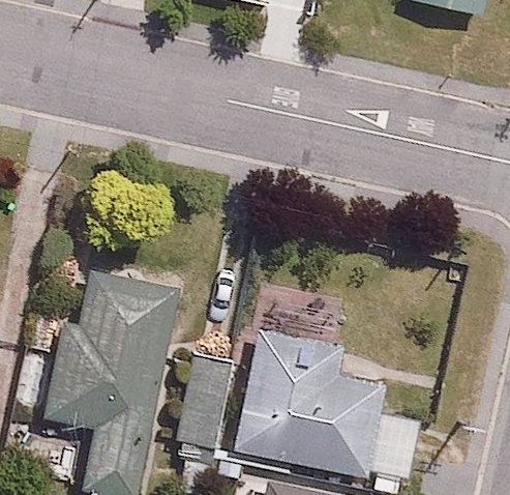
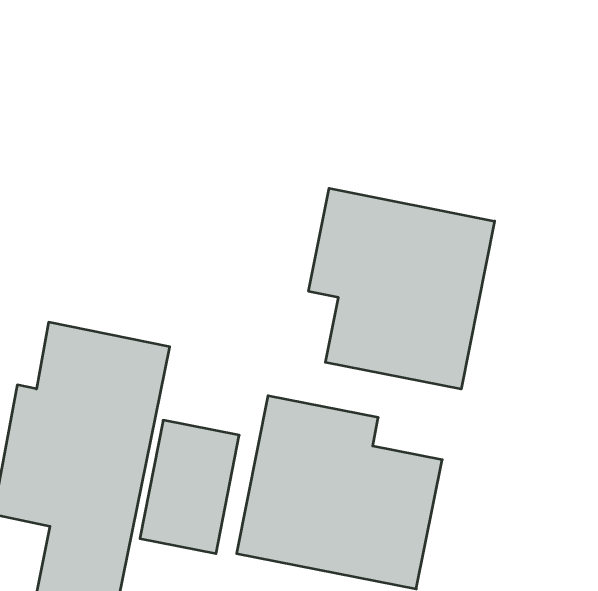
building: none -> [309,188,495,389]

